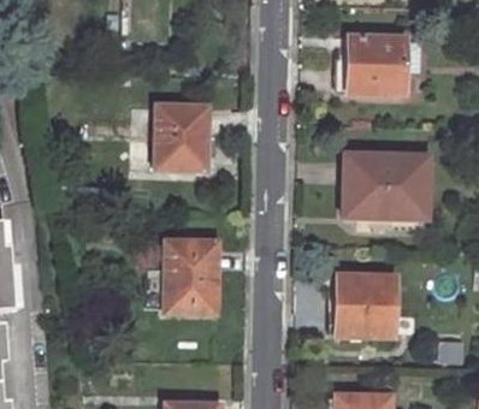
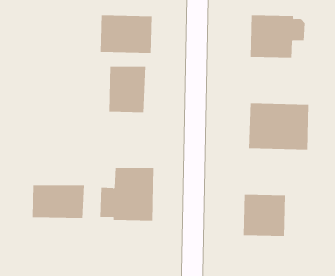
building: none -> [100,14,152,54]
building: none -> [32,184,84,219]

